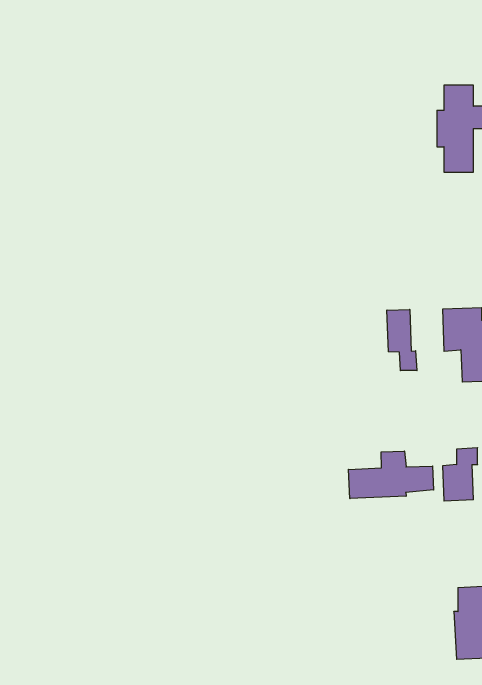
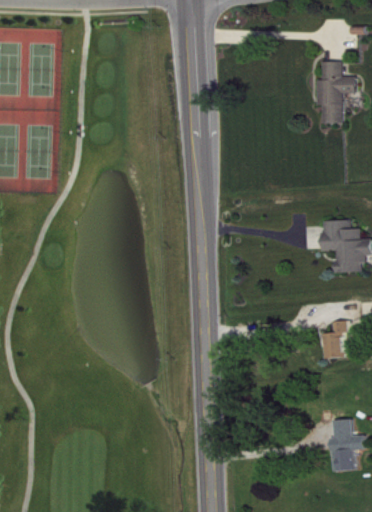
building: [387,309,417,371] -> none
building: [348,451,434,499] -> none

